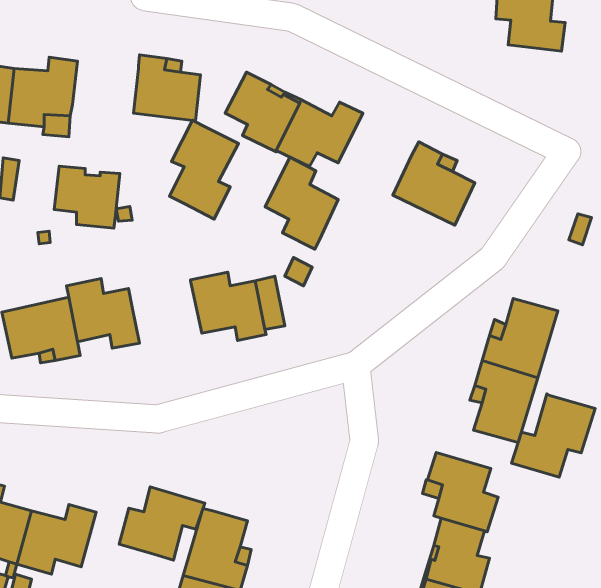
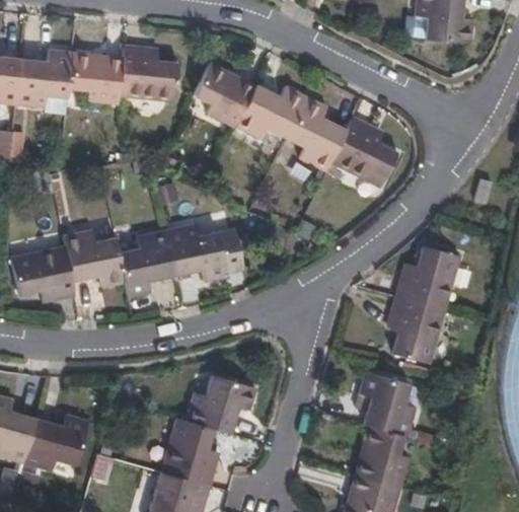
building: [169,120,239,219] -> none
building: [265,157,338,249] -> [286,95,346,170]
building: [54,166,120,228] -> [69,53,123,103]
building: none -> [118,231,174,297]
building: [512,394,595,477] -> none
building: [119,487,205,560] -> [183,373,253,433]

